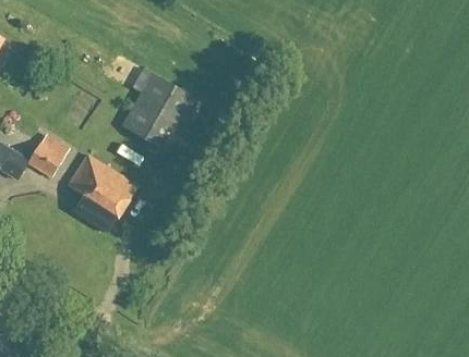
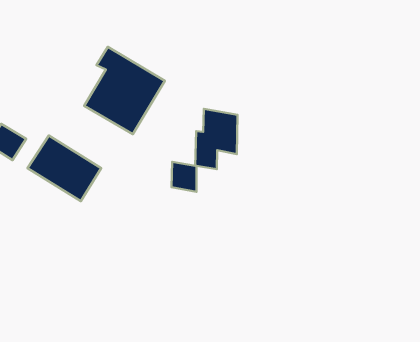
building: none -> [171,109,237,192]

